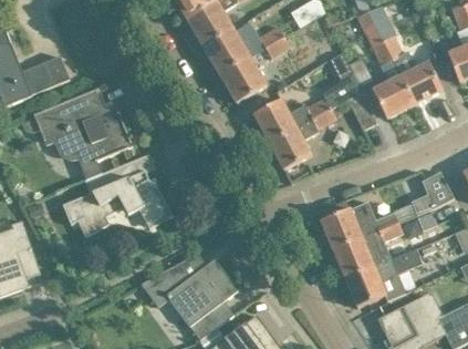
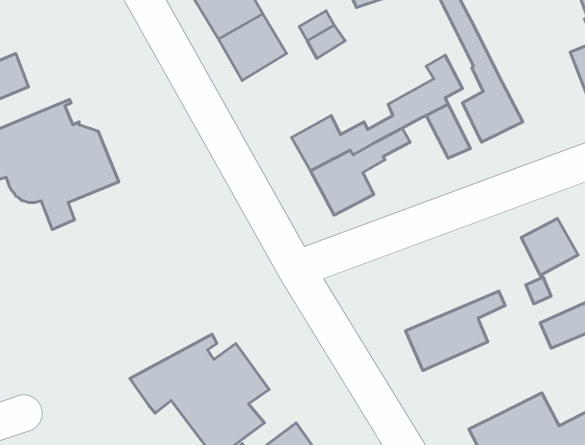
building: [379,28,443,103] -> none
building: [219,55,268,102] -> none
building: [62,162,173,226] -> none
building: [321,201,398,249] -> none
building: [345,247,422,306] -> none

